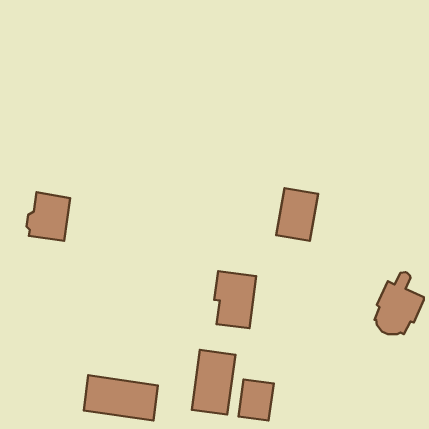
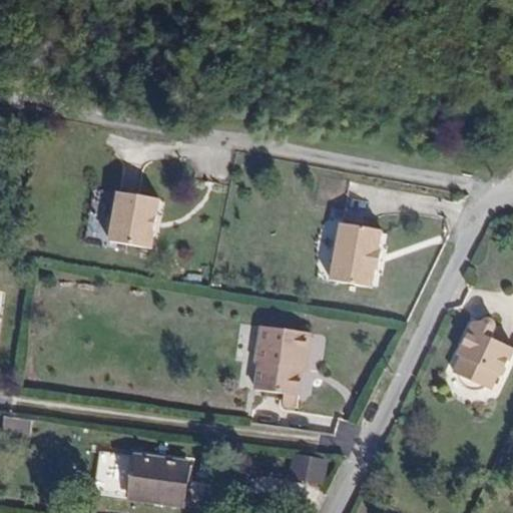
building: [26,192,70,241] -> [106,189,158,247]
building: [192,350,235,415] -> none

